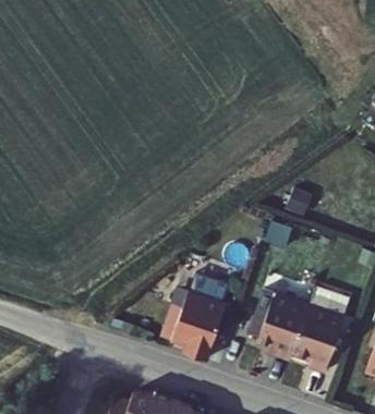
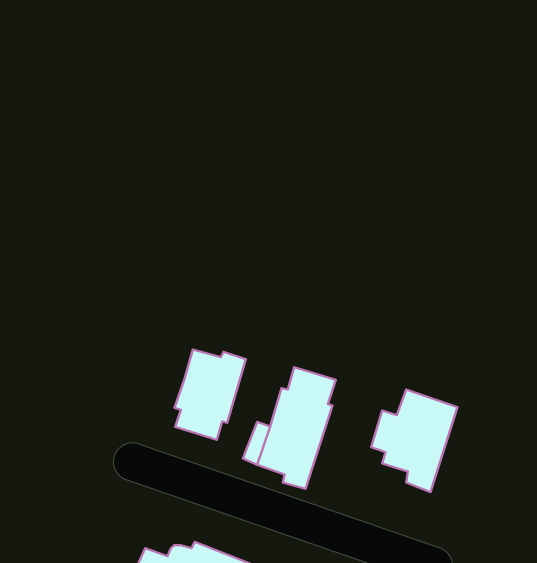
building: none -> [175,349,246,440]
building: [297,289,351,373] -> none

